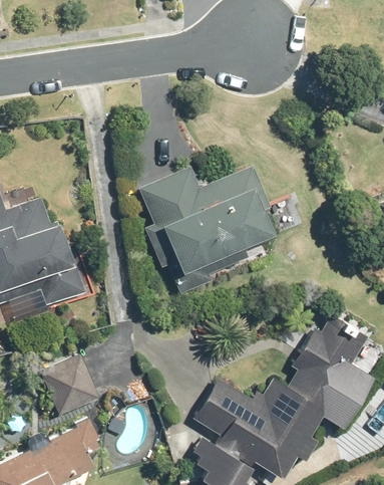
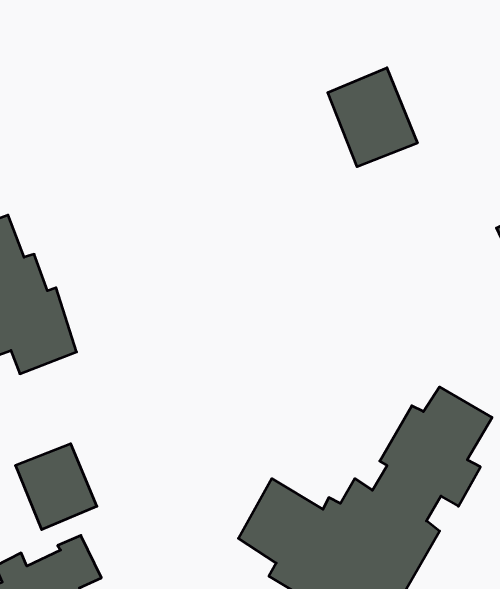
building: none -> [328,68,417,167]
building: [140,166,275,294] -> none

